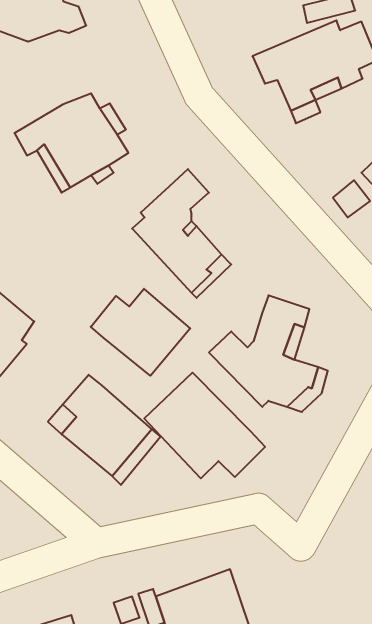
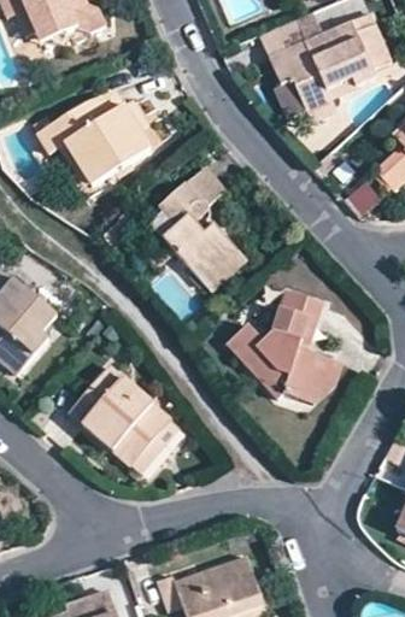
building: [91,289,190,376] -> none
building: [144,373,265,478] -> none

